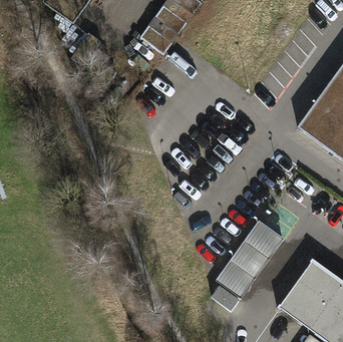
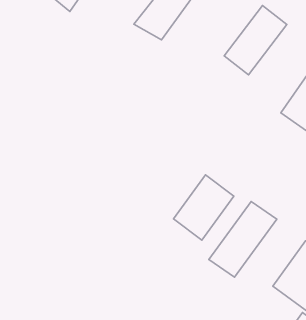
building: none -> [224,5,287,75]
building: none -> [173,175,234,240]

